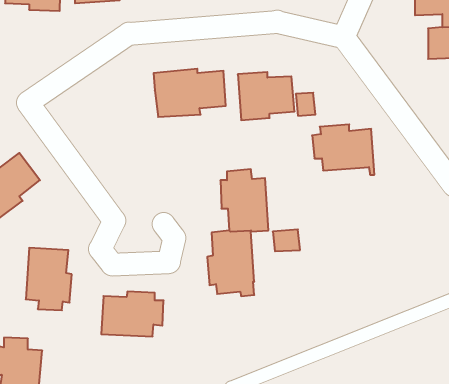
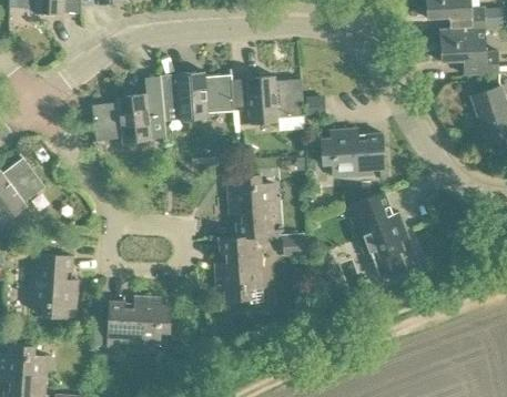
building: none -> [93,93,168,142]
building: none -> [348,192,409,275]

